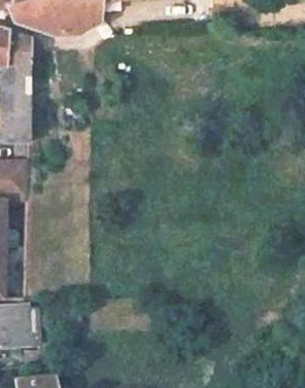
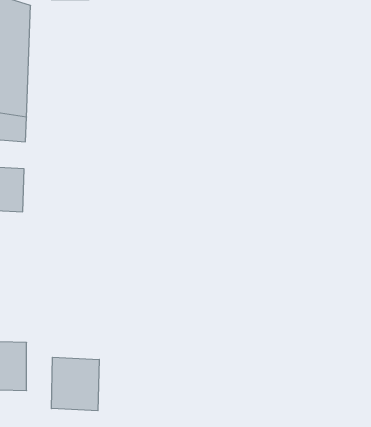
building: none -> [51,357,99,411]

